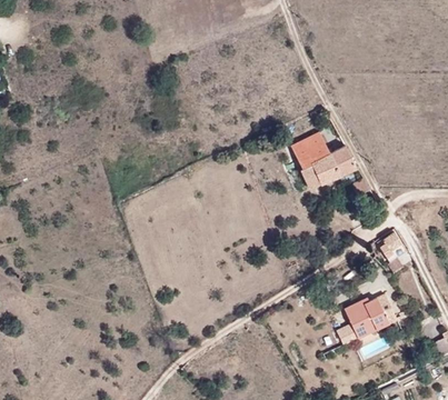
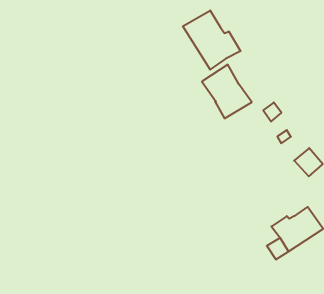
building: none -> [183,10,241,70]
building: [329,146,357,176] -> none

